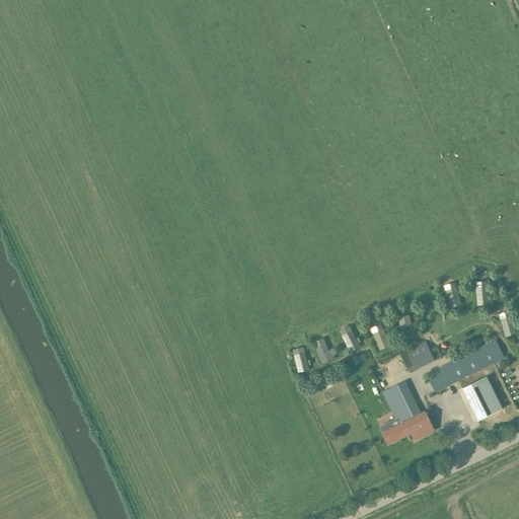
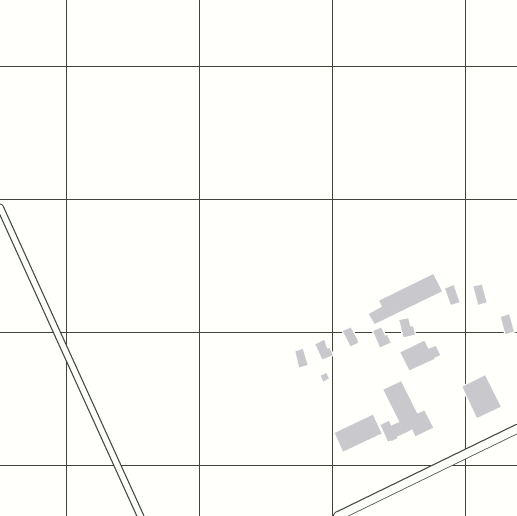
building: [430,339,505,390] -> [368,273,443,325]
building: none -> [334,414,383,452]

